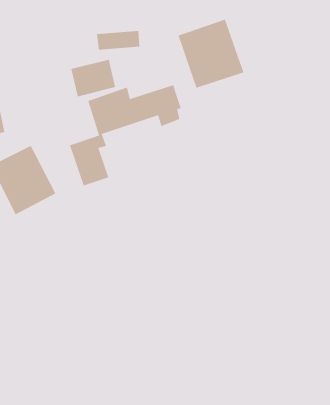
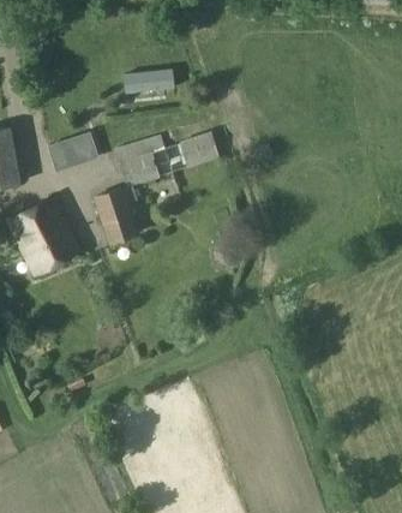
building: [178,19,244,89] -> none
building: [71,59,116,97] -> [46,130,96,172]

